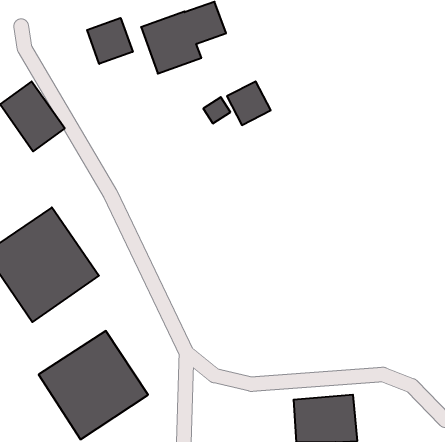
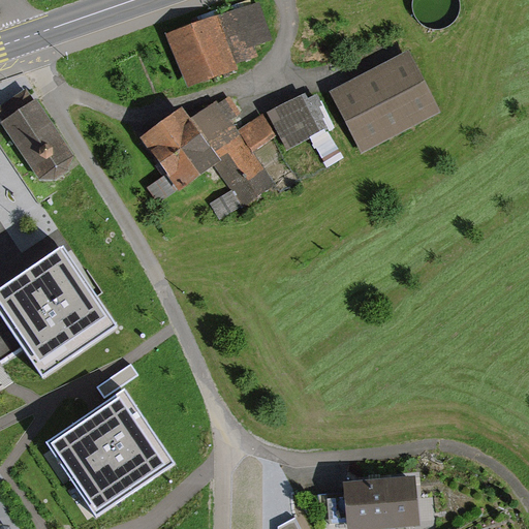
building: [87,18,133,64] -> none
building: none -> [330,50,440,152]
building: none -> [142,102,269,204]

